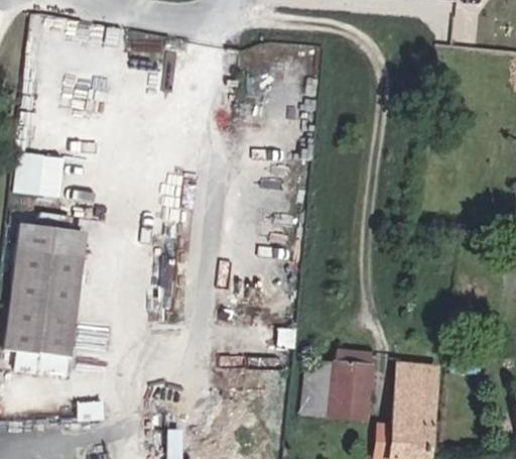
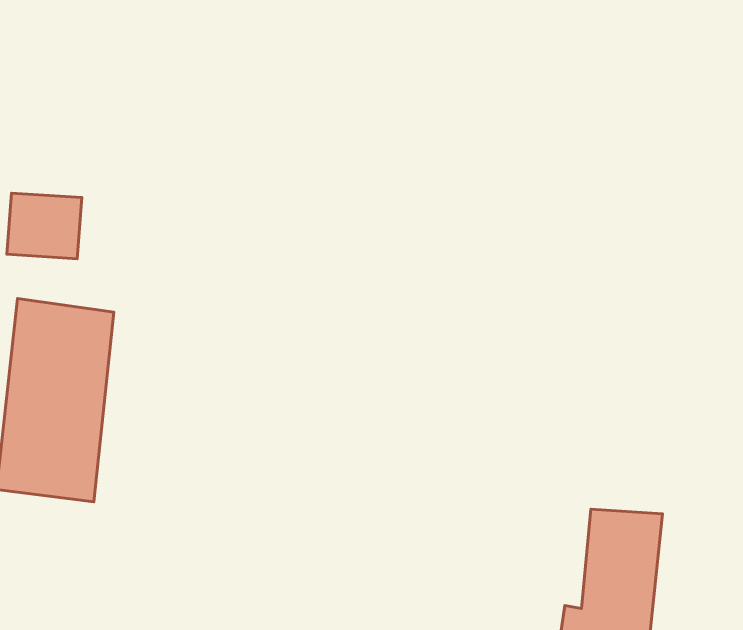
building: [302,346,374,420] -> none

